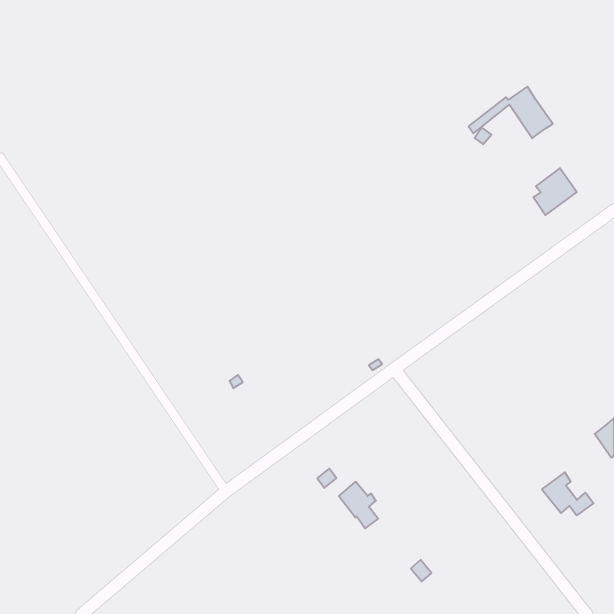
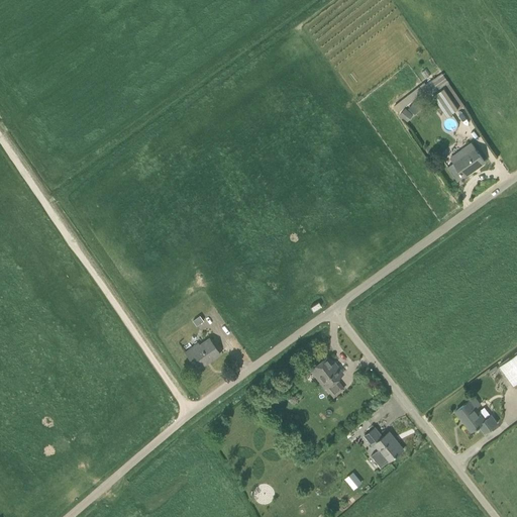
building: none -> [186,338,220,369]
building: [339,482,378,528] -> [311,357,344,397]
building: none -> [365,427,402,460]

